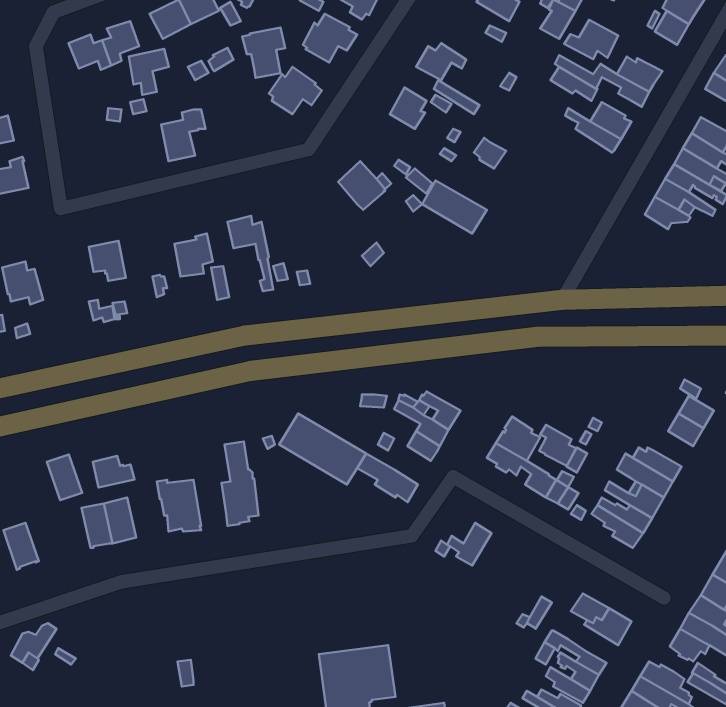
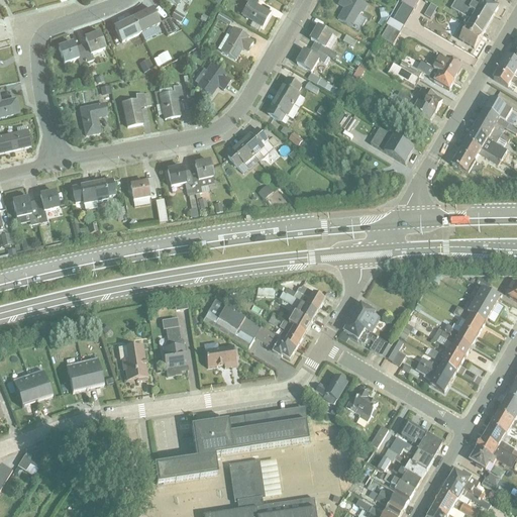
building: none -> [309,22,337,57]
building: [564,20,618,59] -> none
building: [242,28,285,78] -> [153,83,183,117]
building: [129,49,169,95] -> [80,101,107,132]
building: none -> [266,93,299,120]
building: [422,180,487,234] -> [370,125,414,162]
building: none -> [225,139,254,171]
building: none -> [189,157,213,191]
building: none -> [91,176,115,205]
building: none -> [33,188,59,220]
building: none -> [452,303,485,334]
building: [539,425,576,466] -> none
building: none -> [279,317,305,346]
building: [47,454,82,500] -> [27,368,51,399]
building: [93,456,135,488] -> none
building: none -> [203,339,237,366]
building: none -> [345,388,378,420]
building: none -> [153,405,309,482]
building: none -> [389,434,433,469]

